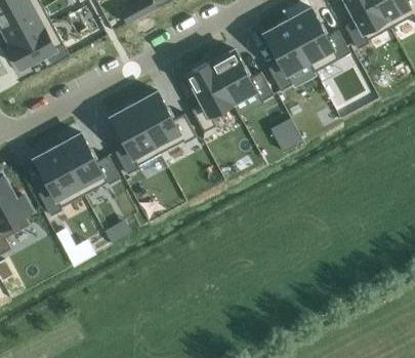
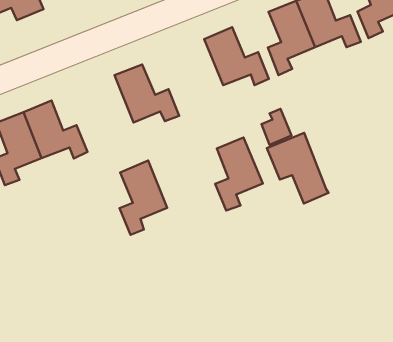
building: [190,65,234,131] -> [215,138,263,211]
building: [113,106,158,173] -> [120,161,167,235]
building: none -> [267,133,329,204]

